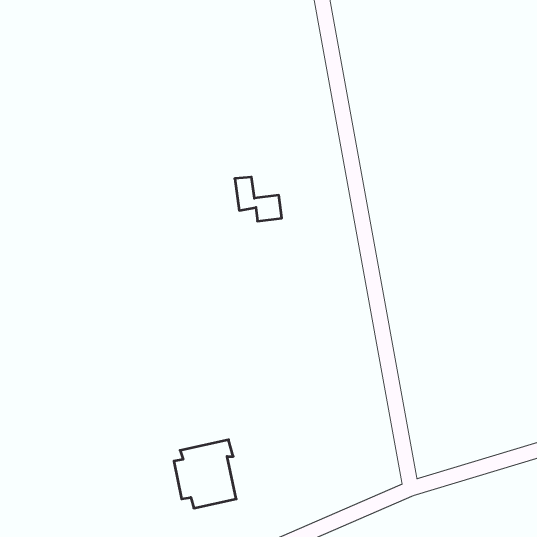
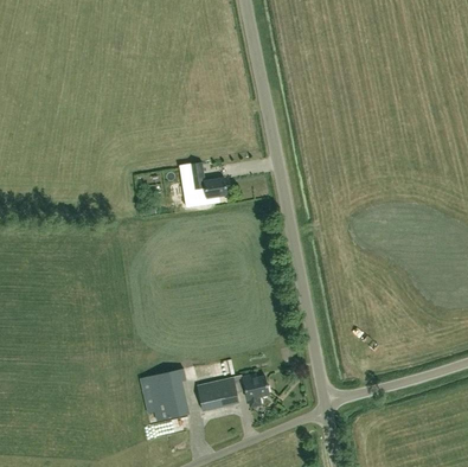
building: none -> [195,373,269,411]

